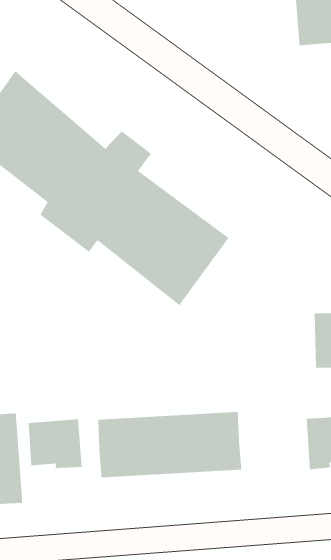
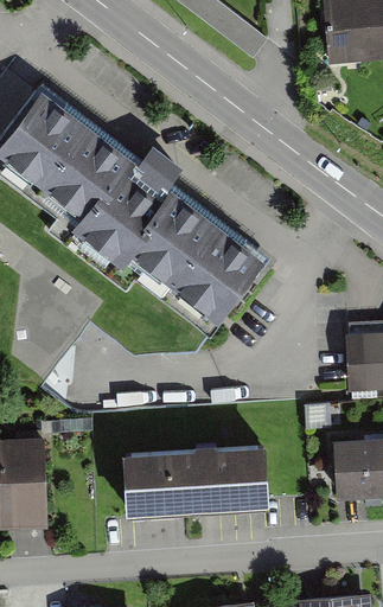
building: [28,418,83,469] -> none

